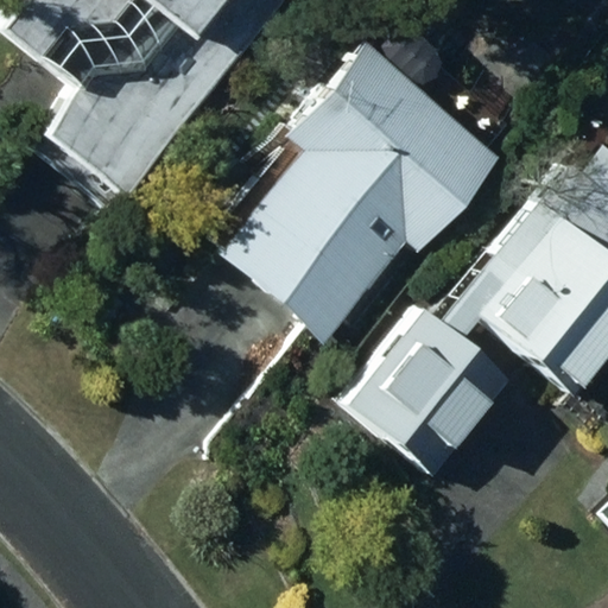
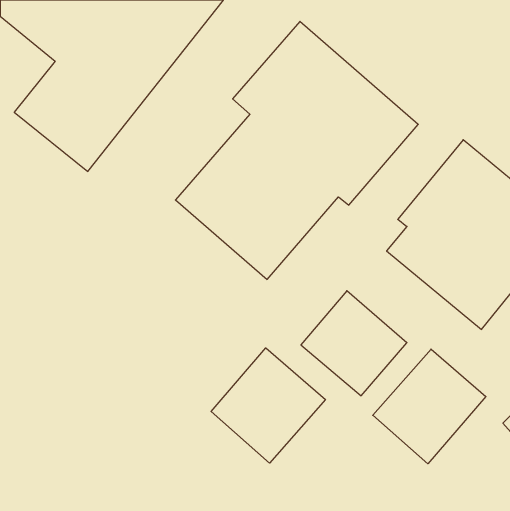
building: none -> [211,348,325,463]
building: none -> [373,349,486,464]

